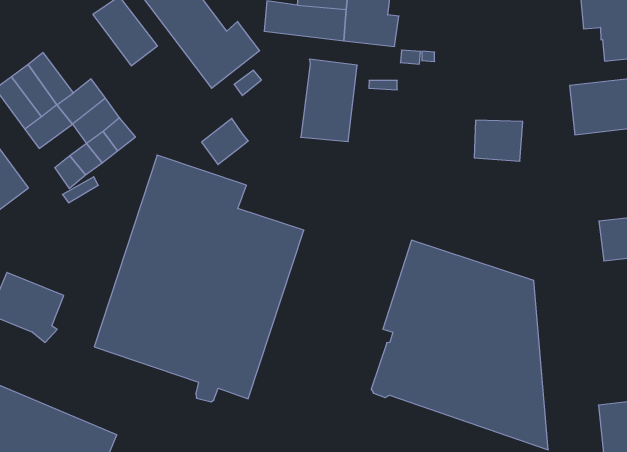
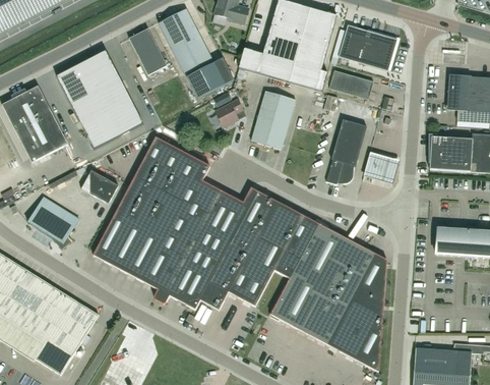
building: none -> [328,69,373,98]
building: none -> [91,49,120,86]
building: none -> [325,118,366,183]
building: [202,118,248,165] -> [215,98,245,126]
building: none -> [78,106,110,132]
building: none -> [187,186,311,310]
building: none -> [80,169,118,203]

